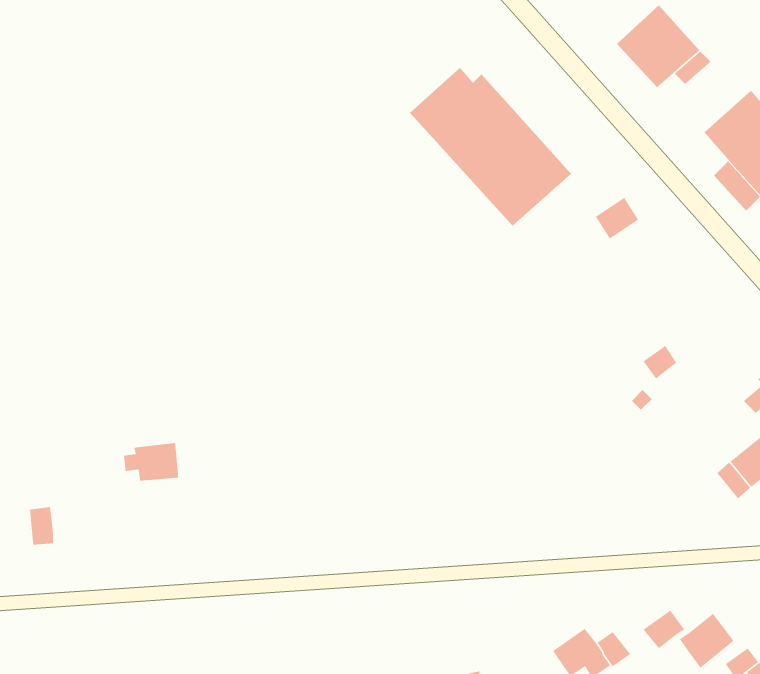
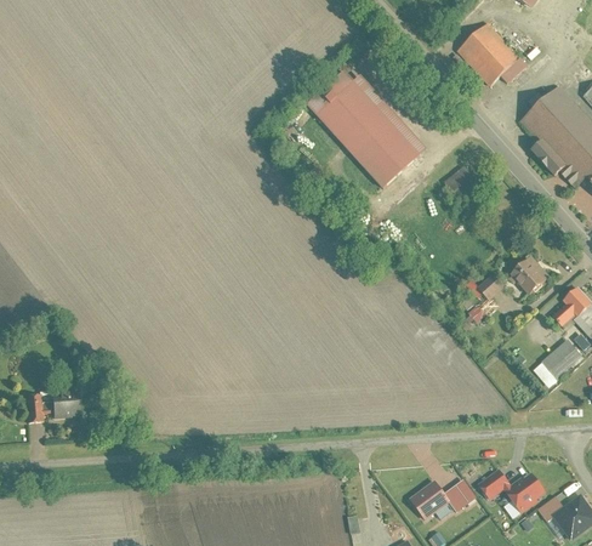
building: none -> [511,256,550,295]
building: [123,442,179,482] -> [42,392,84,421]

